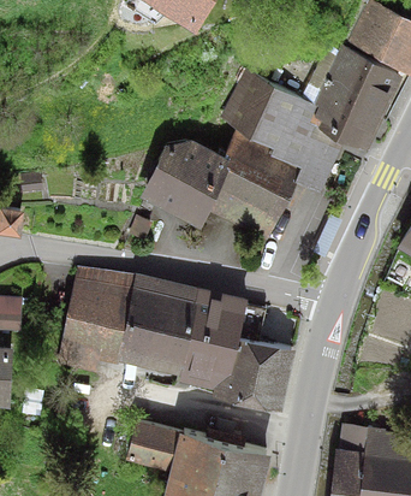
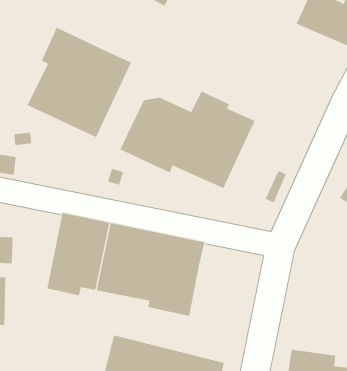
building: none -> [27,27,132,138]
building: [221,54,399,191] -> none
building: [225,331,294,407] -> none

